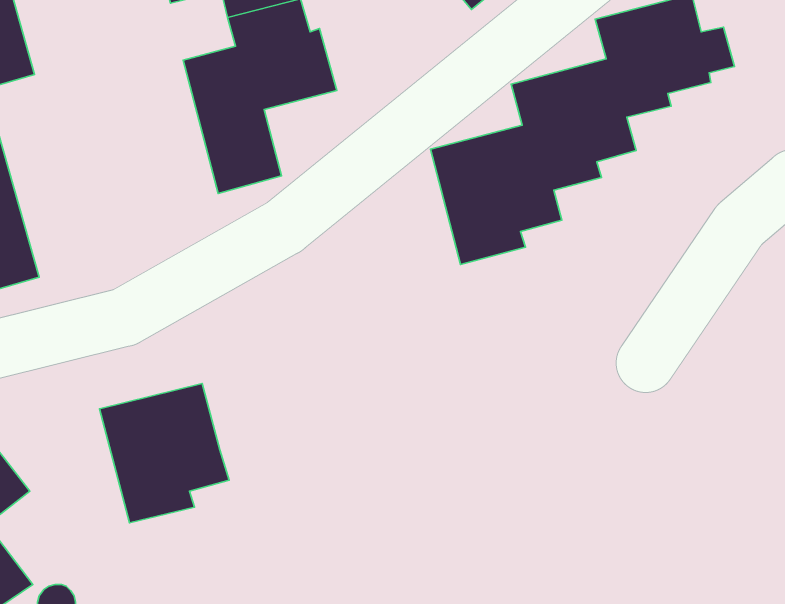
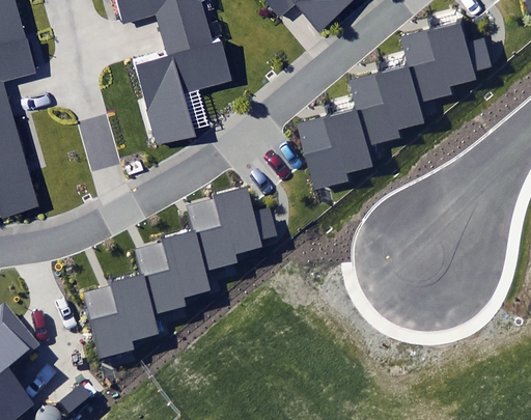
building: none -> [136,187,275,316]

